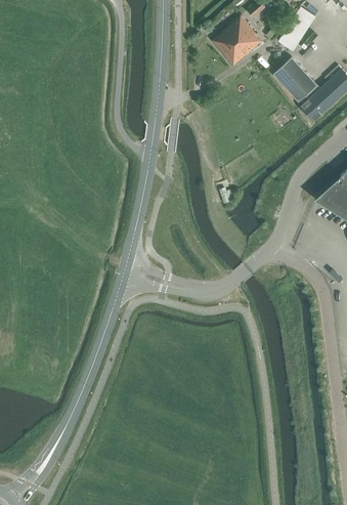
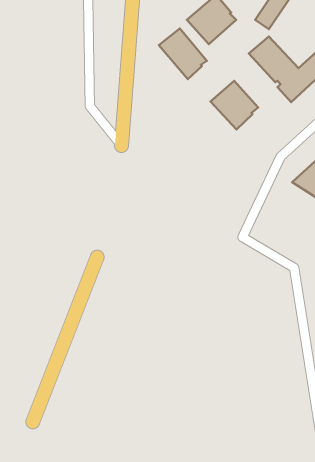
building: none -> [159,29,207,79]
building: none -> [210,81,258,130]

